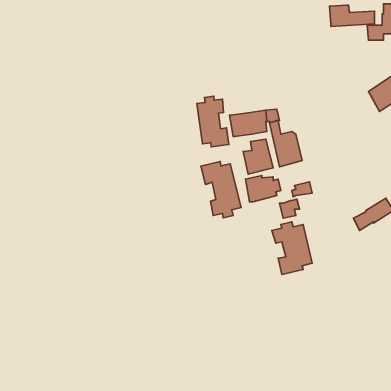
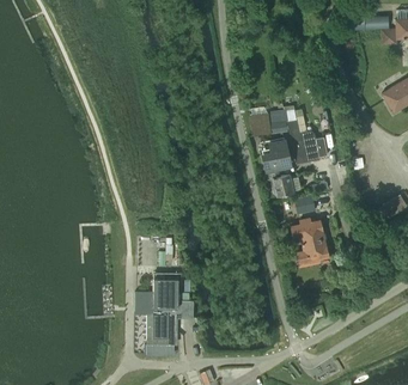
building: [197,96,229,147] -> none
building: [201,161,241,218] -> none
building: none -> [147,276,194,344]

